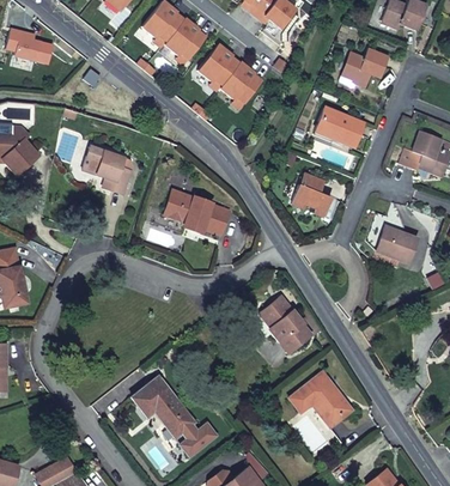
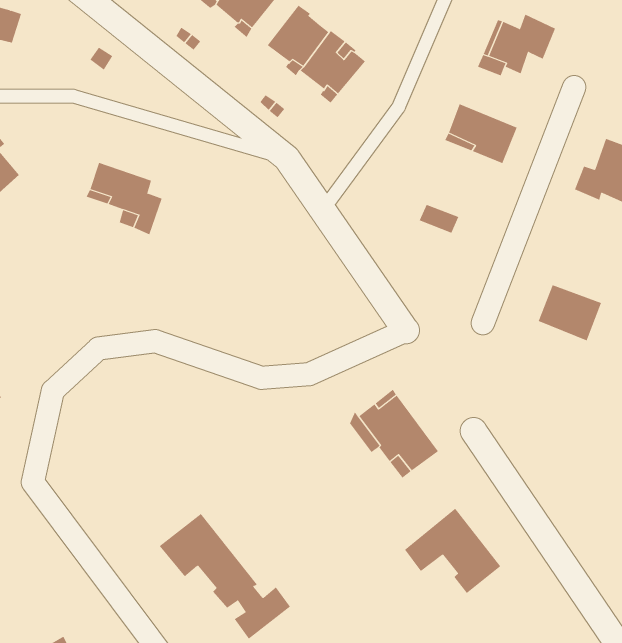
building: [292,184,333,217] -> none
building: [164,189,229,235] -> none

